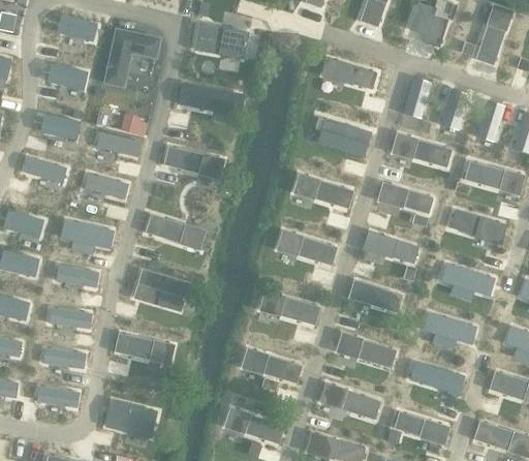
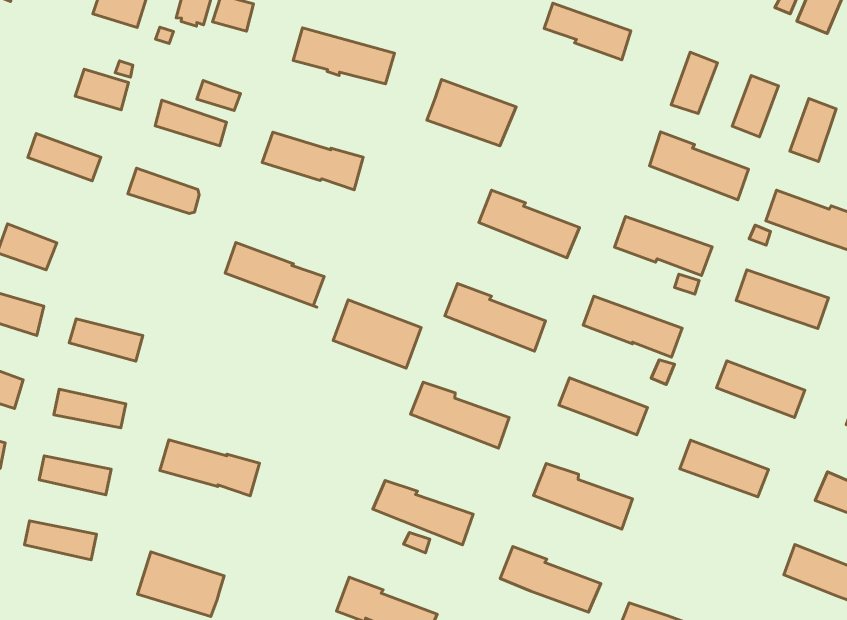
building: [317,119,370,156] -> [427,79,516,146]
building: [61,219,113,247] -> none
building: [134,271,186,309] -> [333,300,421,368]
building: [409,361,462,395] -> none

